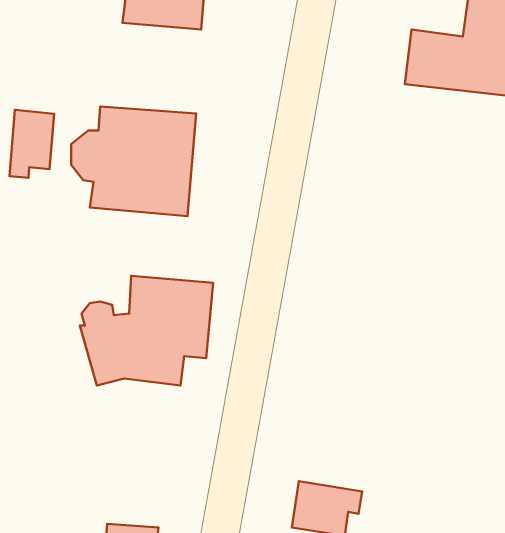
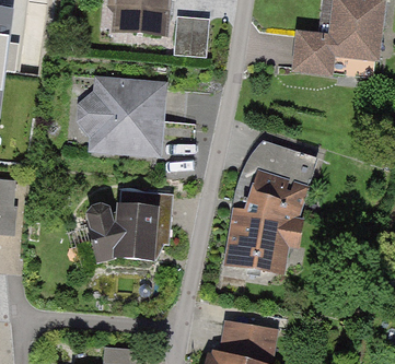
building: none -> [173,19,209,56]
building: [9,110,54,178] -> none
building: none -> [229,140,314,270]

